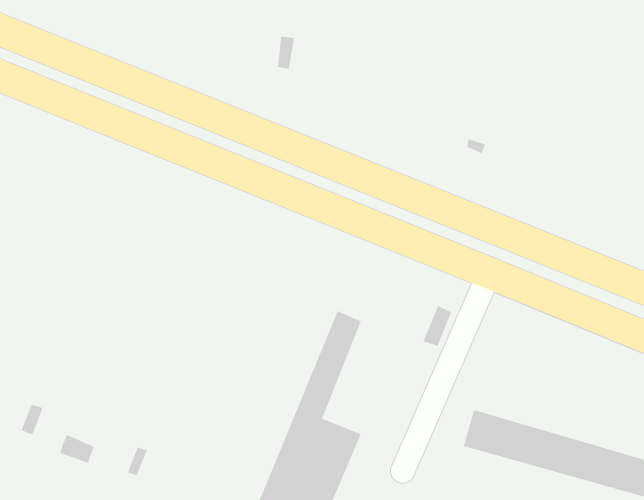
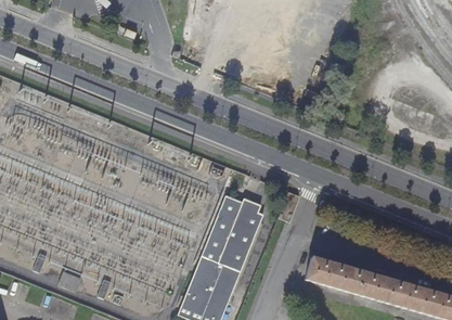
building: none -> [218,196,264,270]

